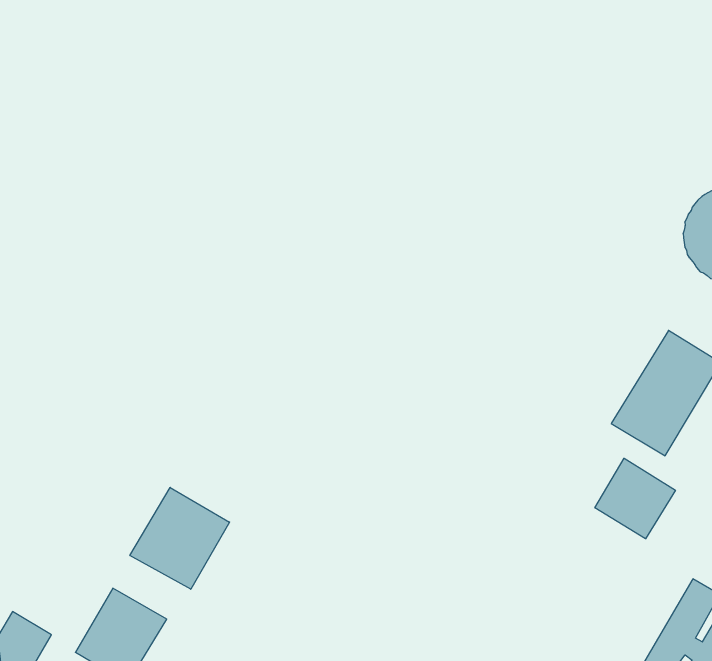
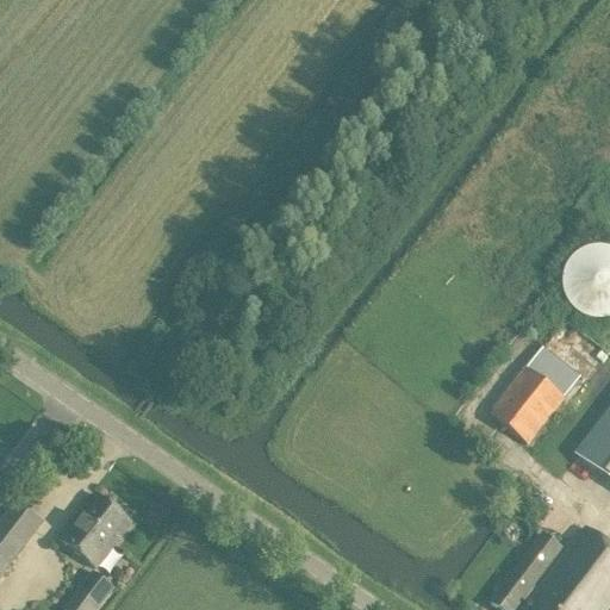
building: [595,458,675,539] -> none
building: [130,487,230,589] -> none

